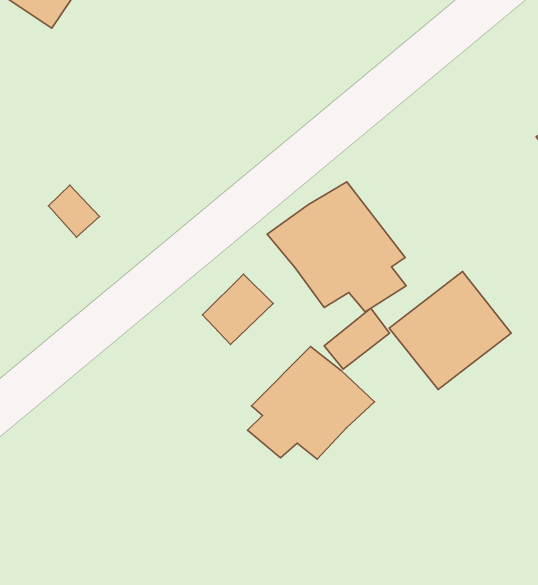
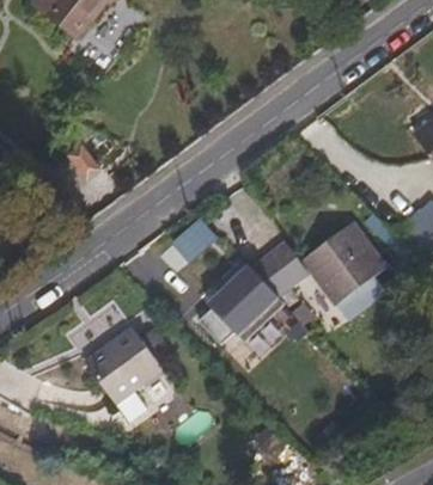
building: [267,182,406,312] -> none
building: none -> [83,326,167,409]

